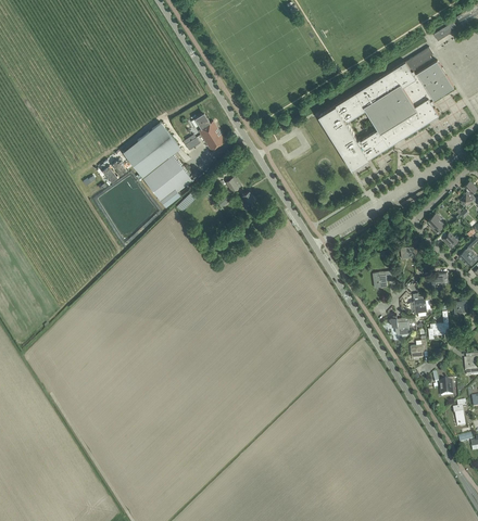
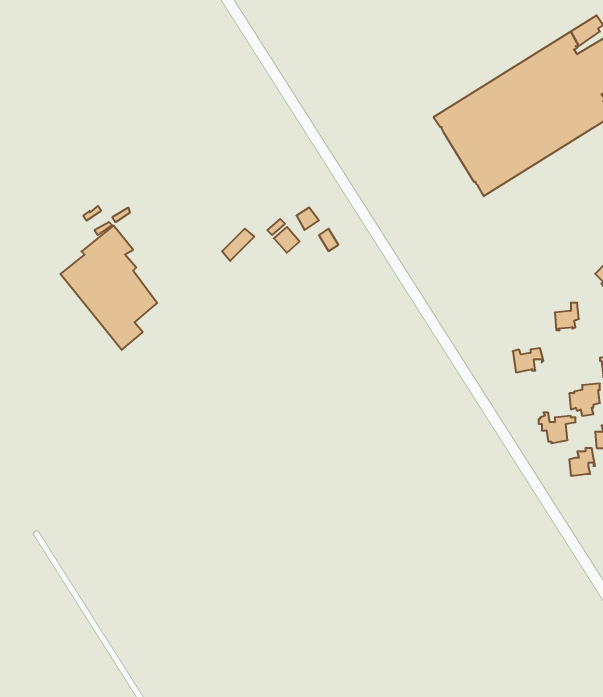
building: [192,112,226,149] -> none
building: [125,122,190,205] -> [60,226,157,350]

